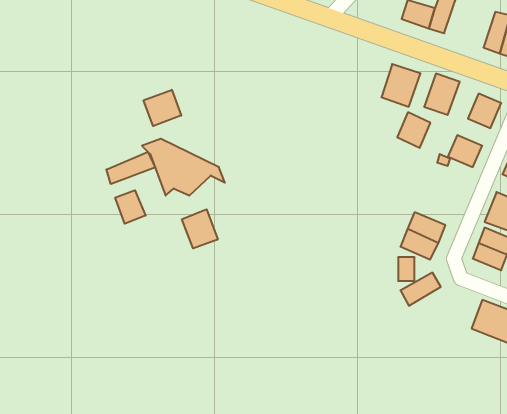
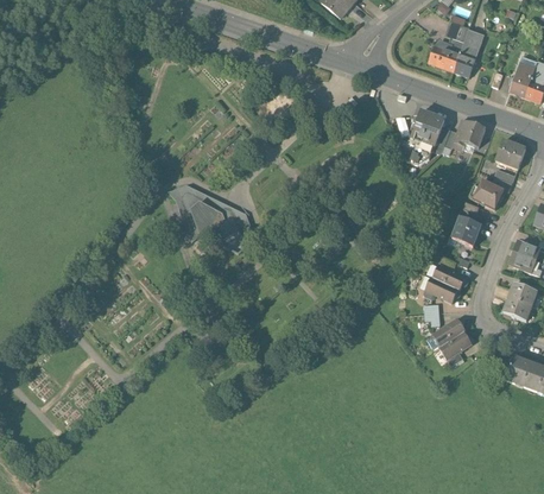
building: [144,90,181,126] -> none
building: [397,112,430,148] -> [453,215,486,251]
building: [106,152,155,184] -> none
building: [115,190,146,224] -> none
building: [182,209,218,248] -> none
building: none -> [434,331,474,365]

